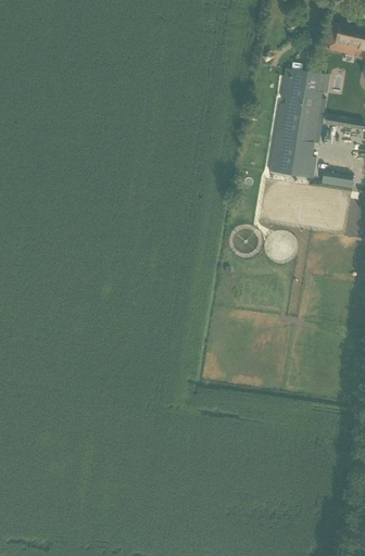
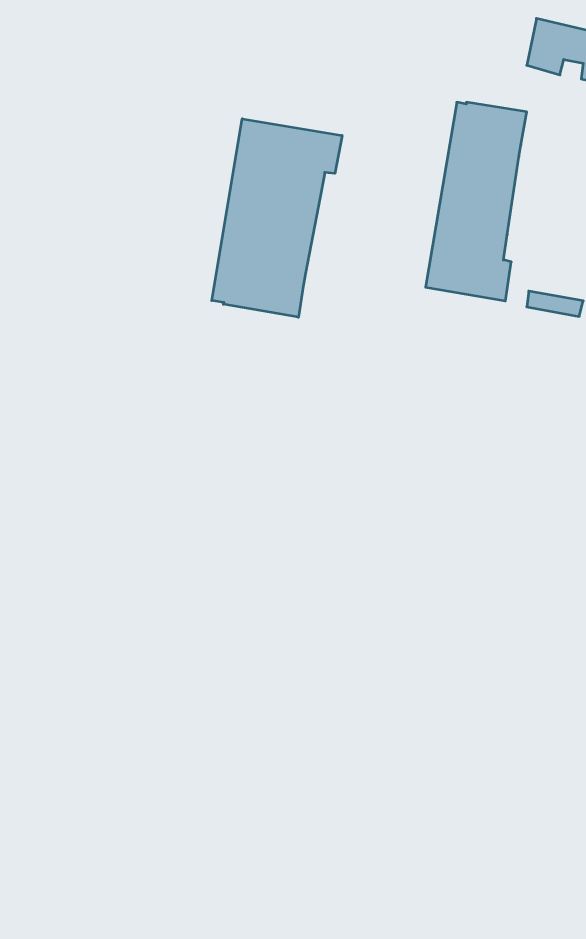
building: none -> [212,119,342,317]

